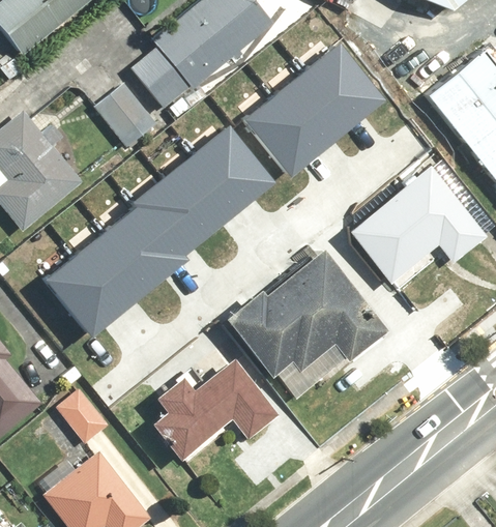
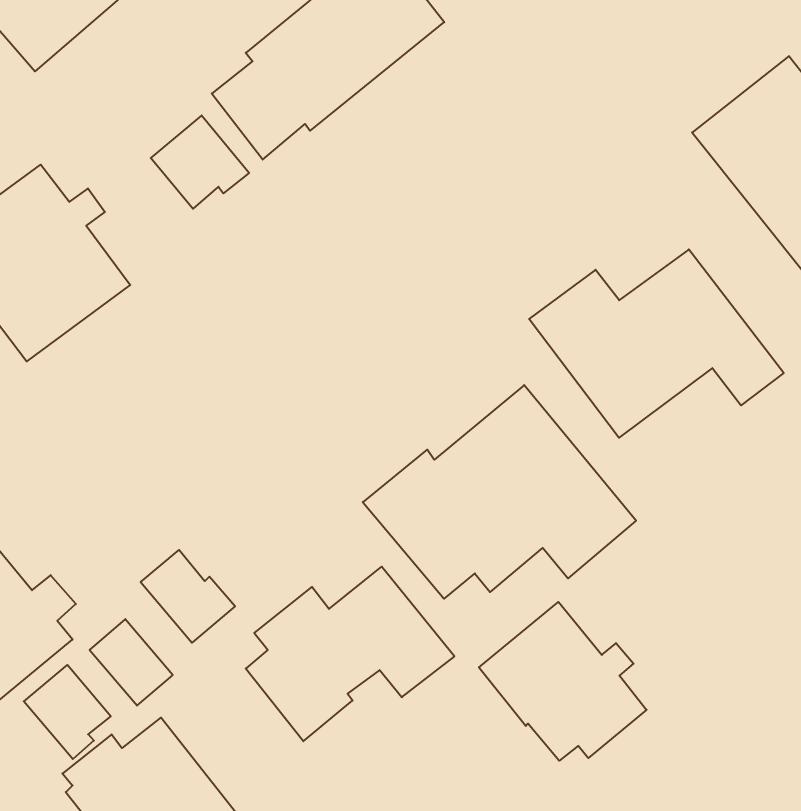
building: [249,46,389,179] -> none
building: [48,129,270,326] -> none
building: none -> [141,550,235,643]
building: none -> [479,602,647,761]
building: none -> [24,665,111,759]

